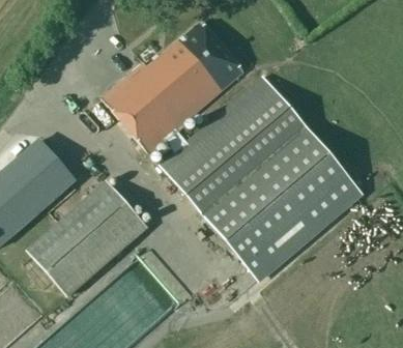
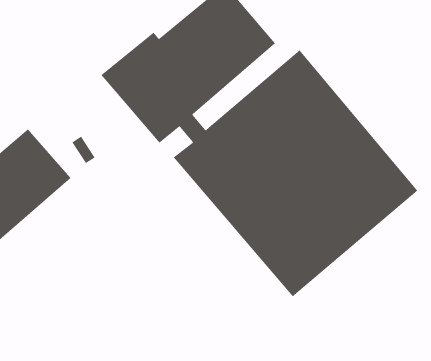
building: [28,180,147,296] -> none

